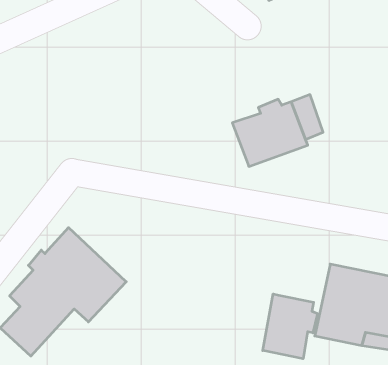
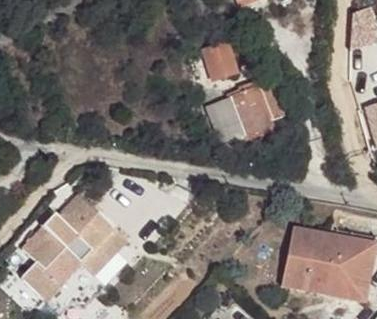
building: none -> [206,36,239,75]
building: [263,294,317,359] -> none

